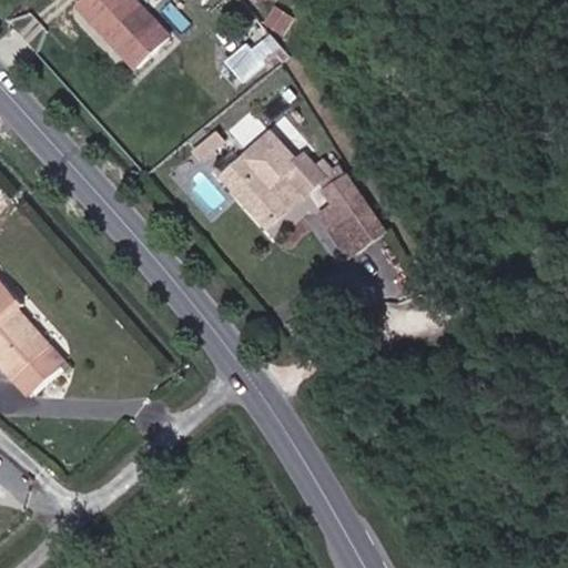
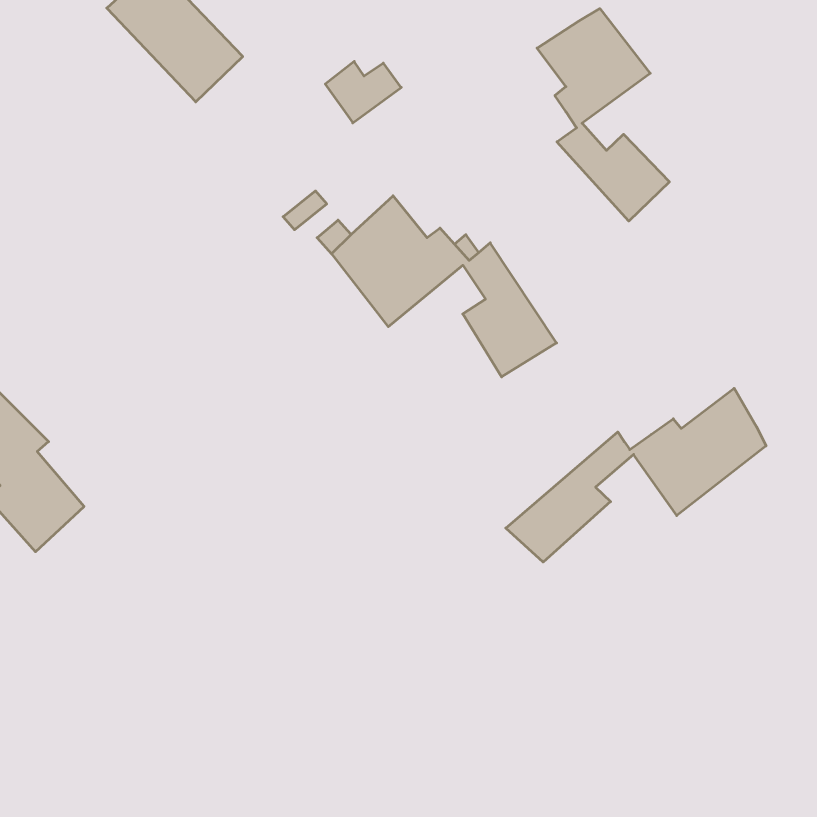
building: none -> [537,9,669,221]
building: none -> [506,388,766,562]

